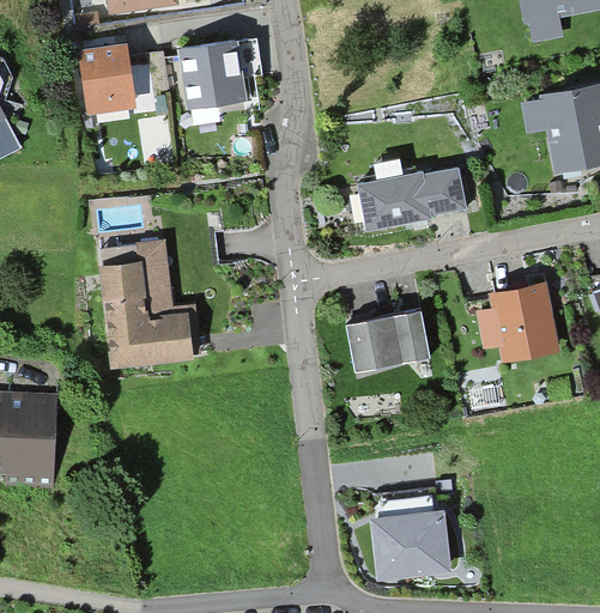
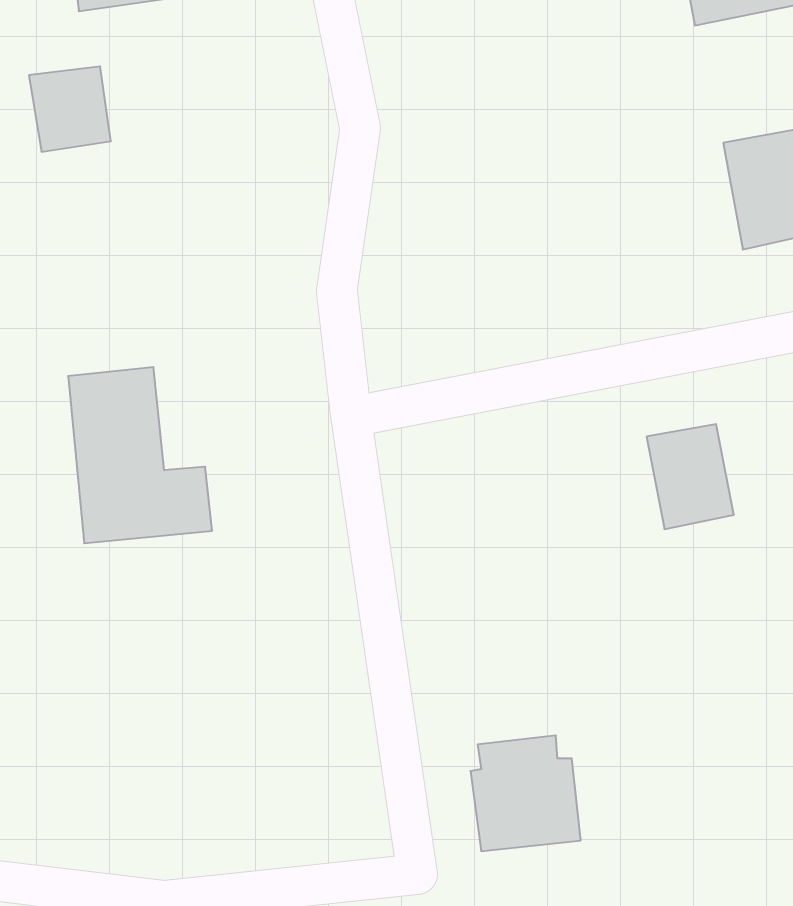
building: [181,37,262,105] -> none
building: [356,169,463,232] -> none
building: [344,310,428,372] -> none

